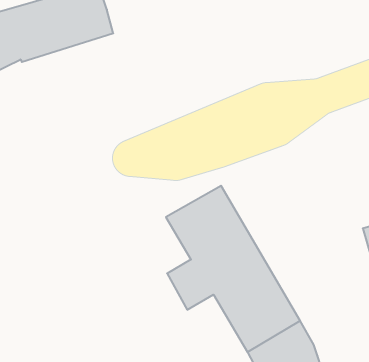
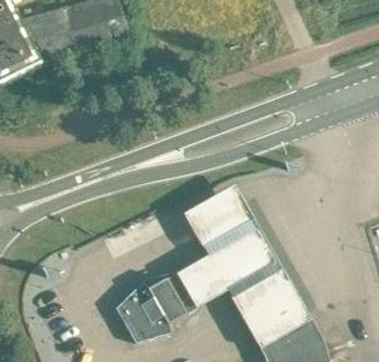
building: none -> [117,269,202,342]

